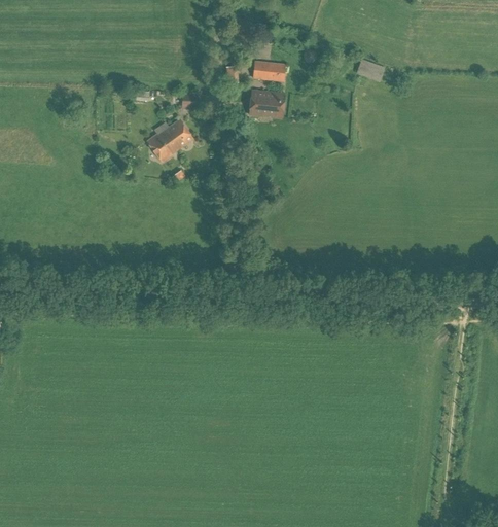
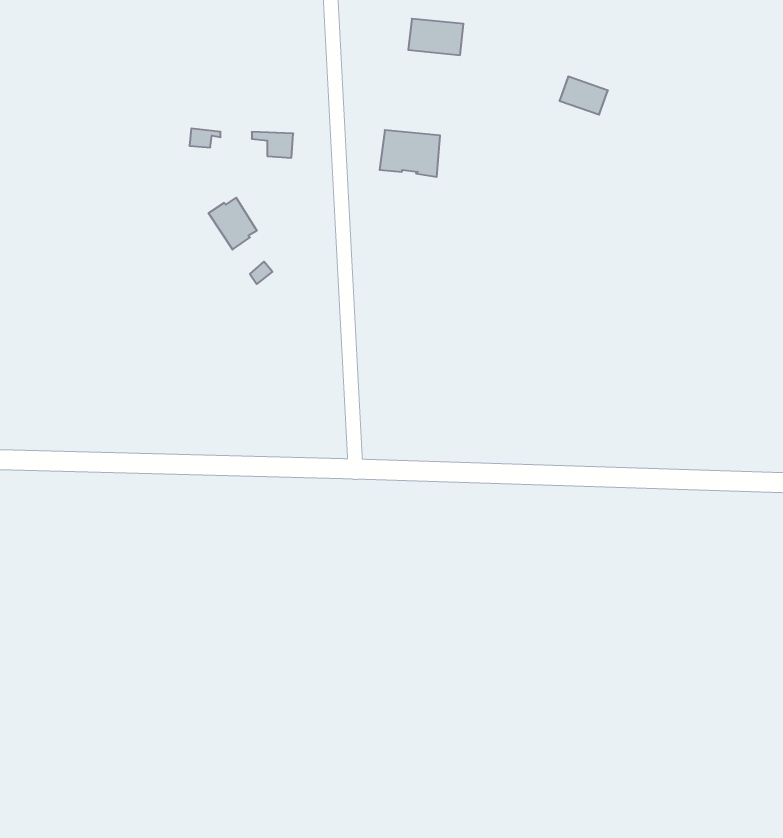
building: [252,60,285,81] -> [408,19,464,55]
building: [163,119,192,150] -> none

